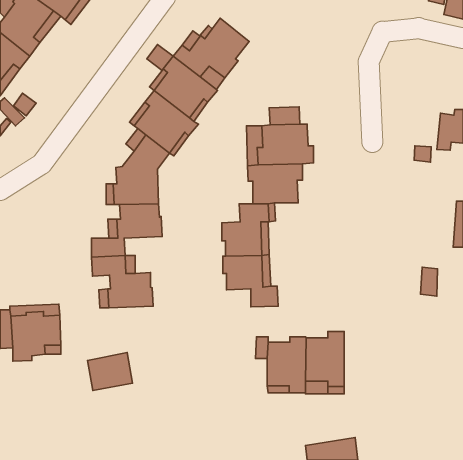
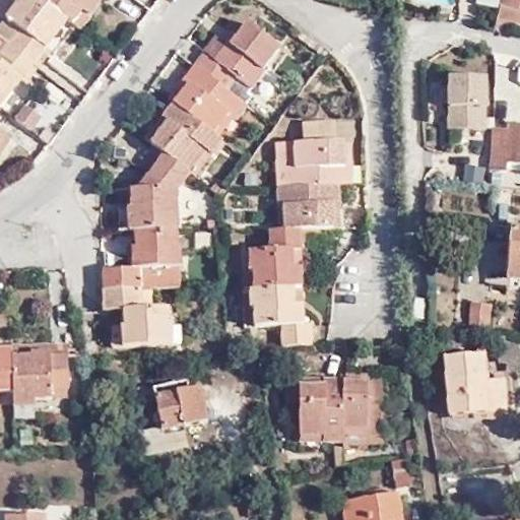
building: none -> [449,75,485,128]
building: none -> [444,352,507,414]
building: [87,352,133,391] -> [155,386,206,429]

